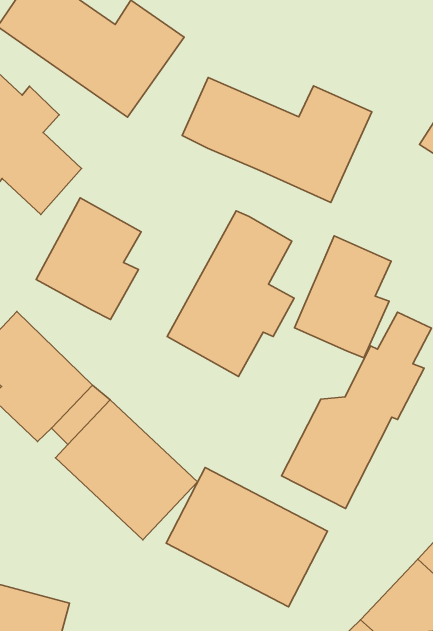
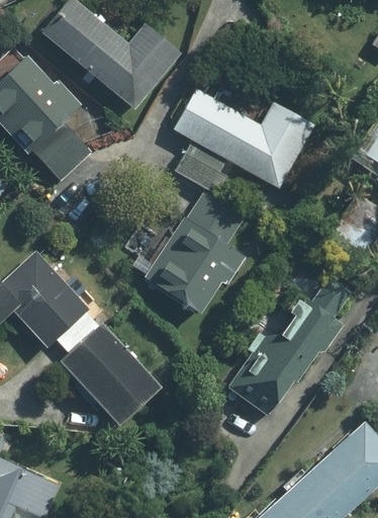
building: none -> [174,141,228,194]
building: [36,198,141,320] -> none
building: [294,236,391,358] -> none
building: [166,468,328,607] -> none

